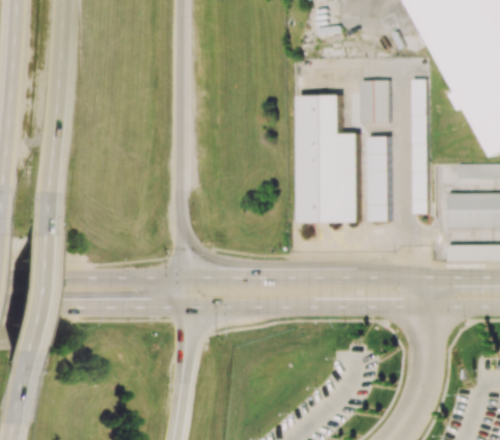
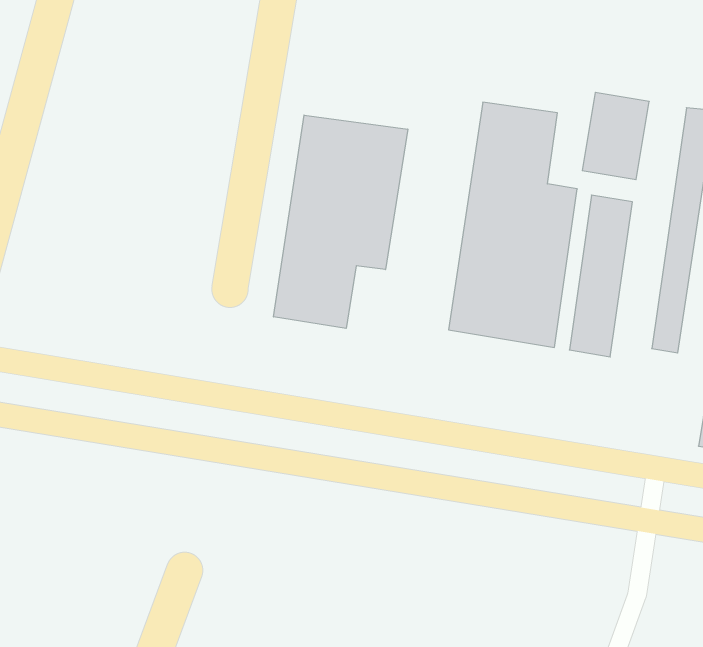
building: none -> [274,115,408,328]

